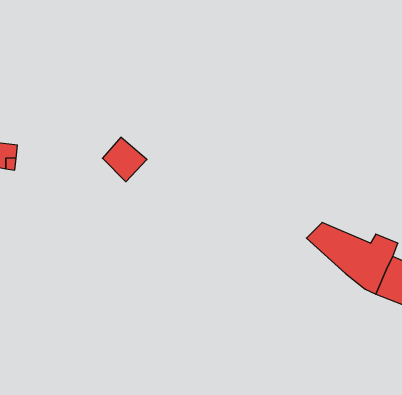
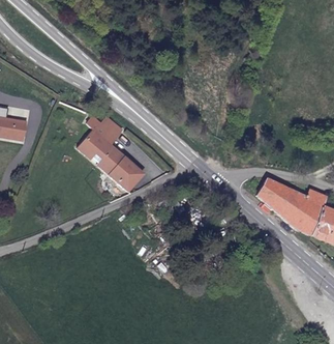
building: none -> [79,128,143,192]

